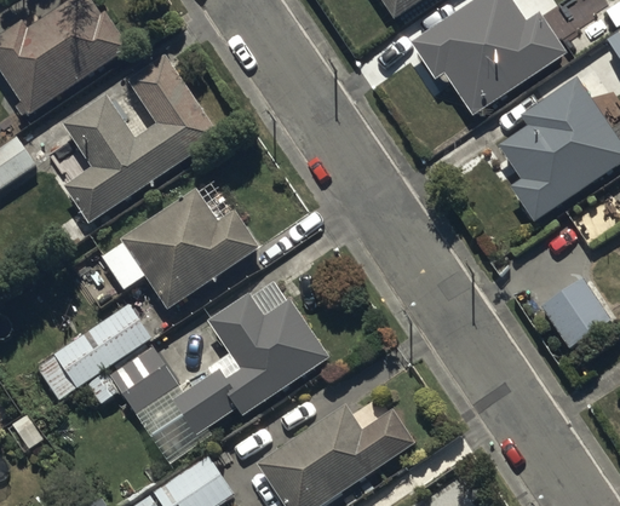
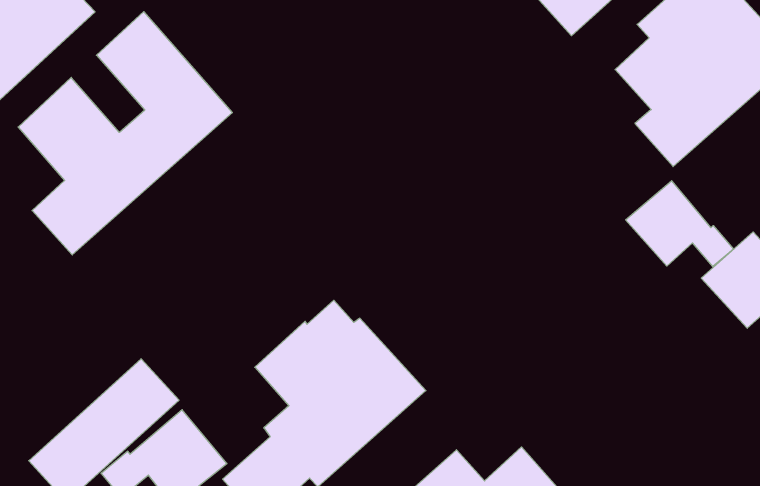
building: [102,188,260,309] -> none
building: none -> [626,181,734,267]

